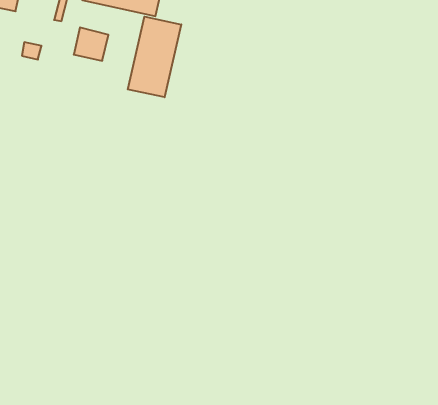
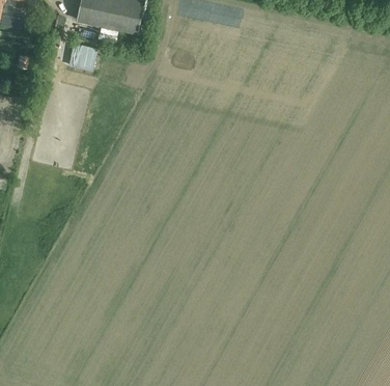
building: [128,17,181,97] -> none

